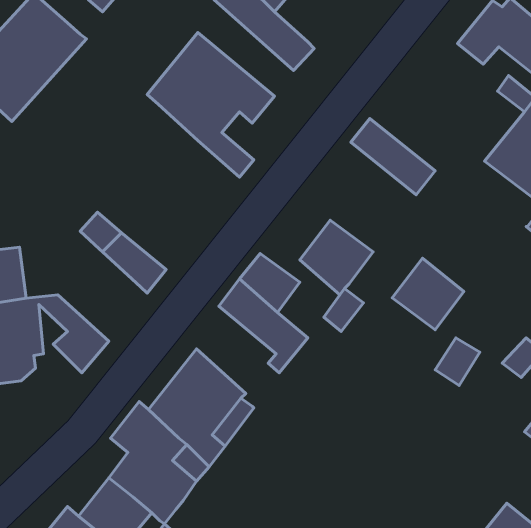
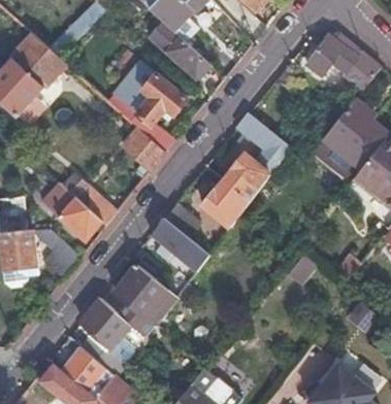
building: none -> [122,127,164,177]
building: none -> [58,197,100,239]
building: [392,258,464,330] -> [223,153,269,199]

